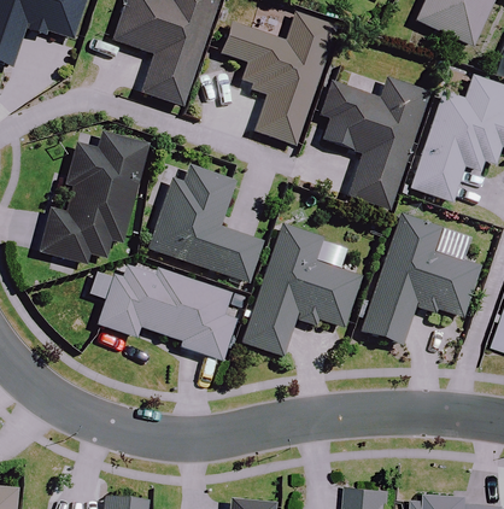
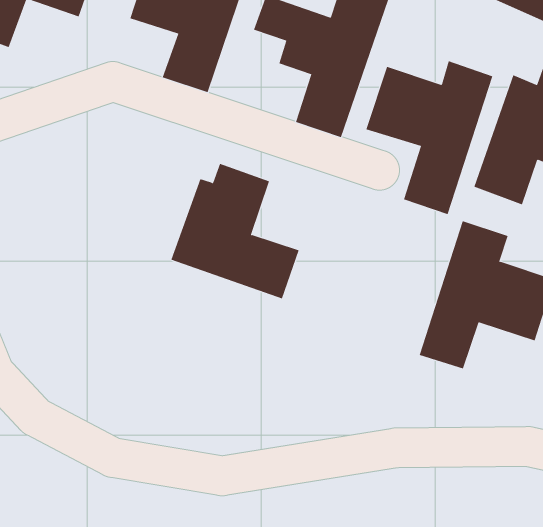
building: [41,130,148,263] -> none
building: [242,223,362,357] -> none
building: [81,262,234,359] -> none

